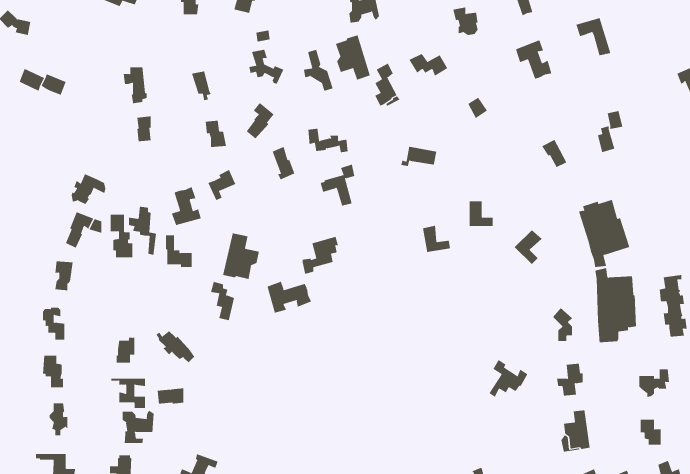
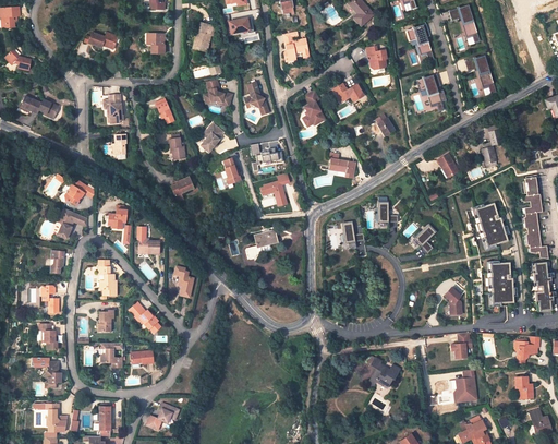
building: [335,35,371,81] -> none
building: none -> [523,175,549,259]
building: [171,186,201,226] -> none
building: [110,214,133,258] -> [98,261,117,296]
building: [223,233,260,280] -> none
building: [267,281,312,314] -> none
building: [488,359,528,397] -> [367,357,399,387]
building: [122,410,154,444] -> none

